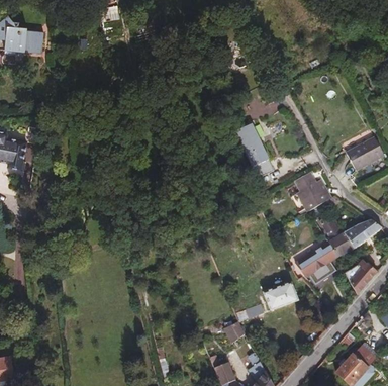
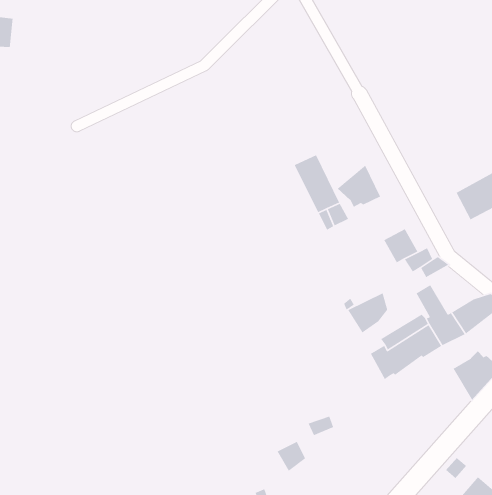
building: none -> [337,165,381,208]
building: none -> [347,292,388,334]
building: [264,283,298,310] -> none

